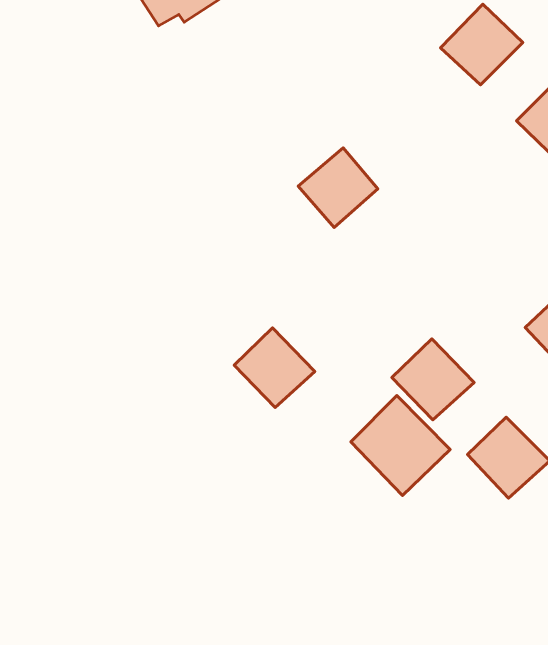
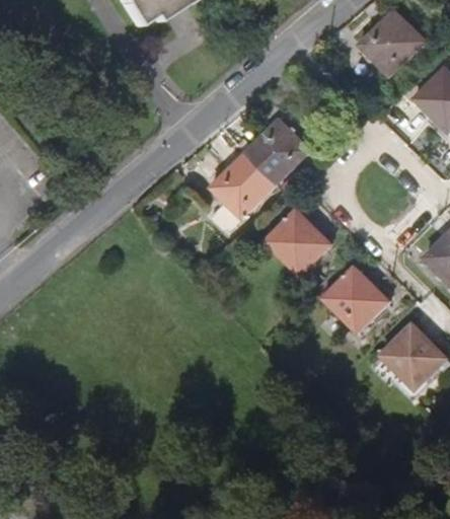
building: none -> [210,149,275,214]
building: [234,328,315,407] -> [265,211,328,274]
building: [351,396,450,495] -> none

